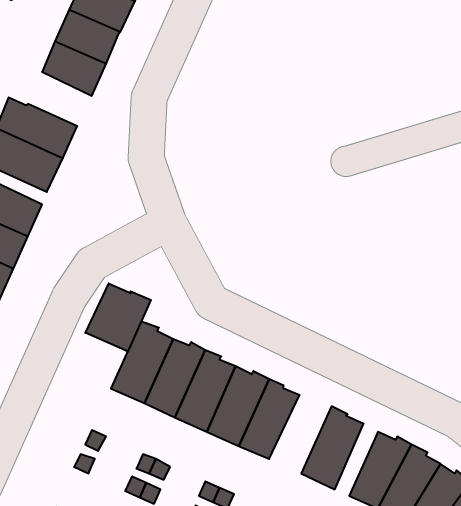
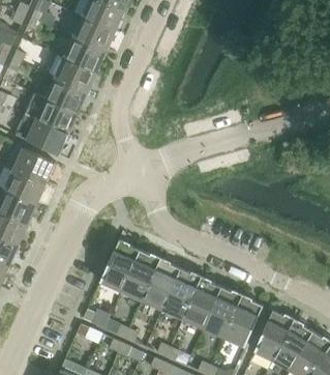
building: none -> [46,78,87,113]
building: [85,283,151,351] -> none
building: none -> [202,287,242,338]

